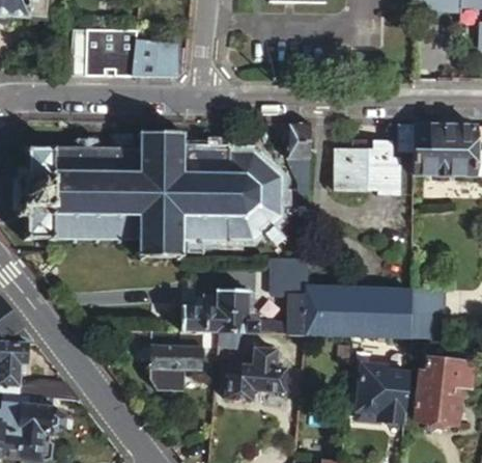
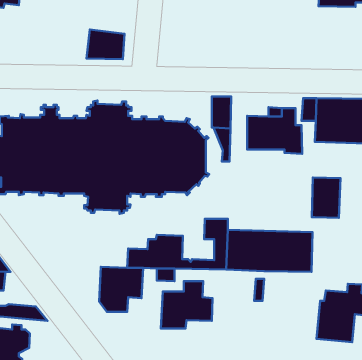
building: [68,28,138,75] -> none
building: [408,289,444,338] -> [312,177,341,218]
building: [356,352,408,425] -> none

